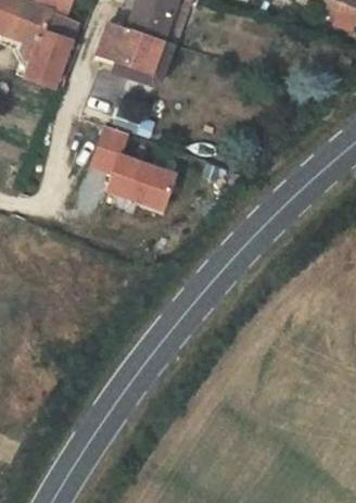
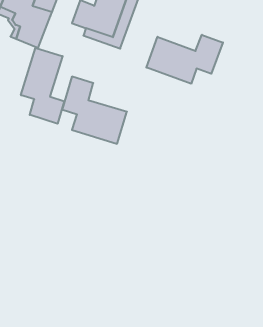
building: none -> [146,35,223,84]
building: none -> [21,48,64,124]

